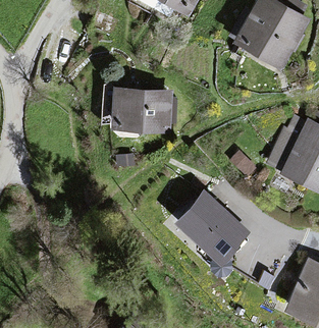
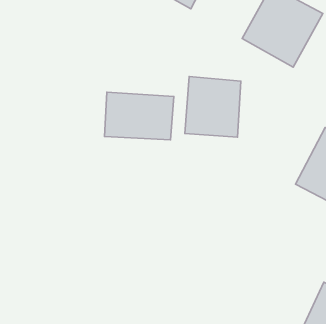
building: none -> [185,76,241,137]
building: [181,195,244,274] -> none

